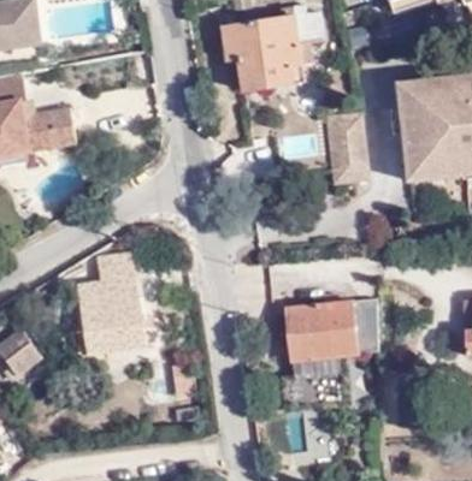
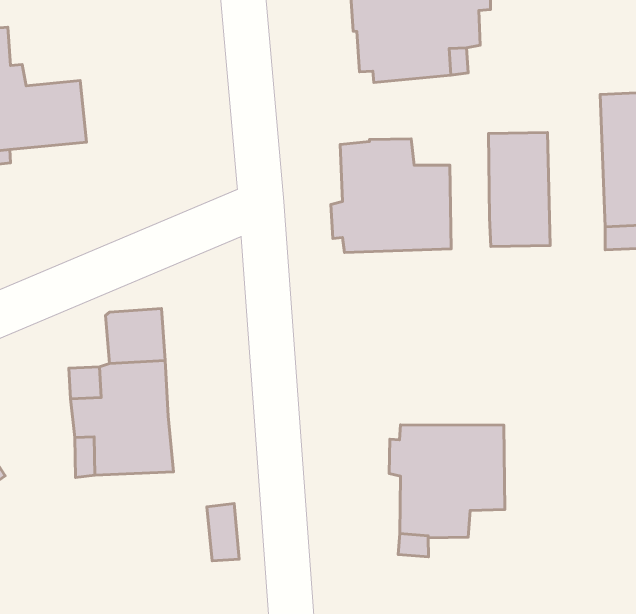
building: none -> [331,139,451,253]

